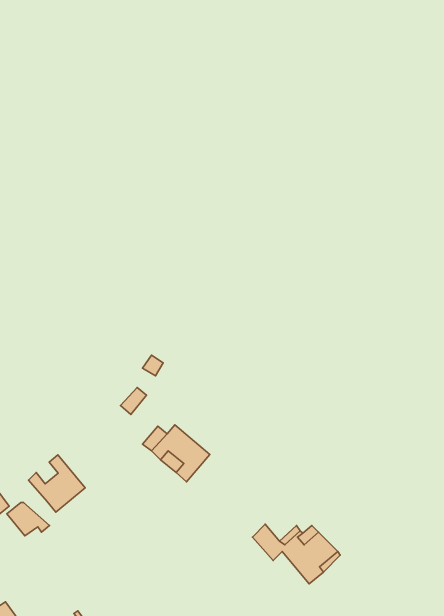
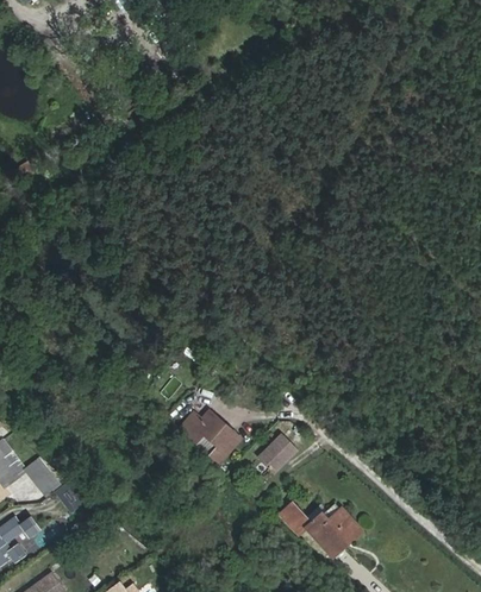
building: [29,455,85,512] -> none
building: none -> [254,439,294,479]

